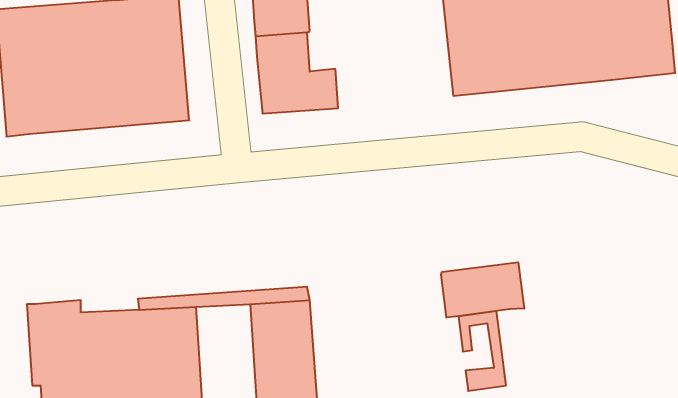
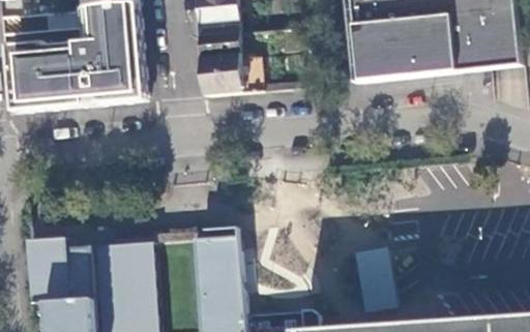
building: [441,262,524,318] -> none

